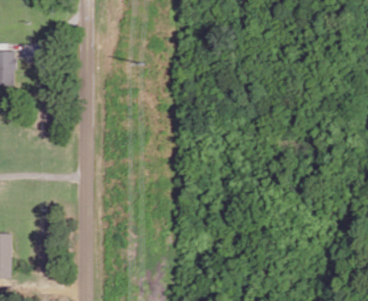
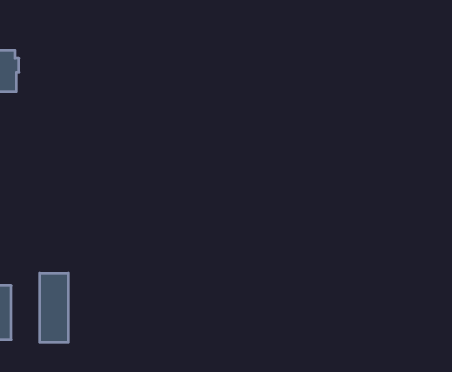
building: none -> [40,273,68,342]

